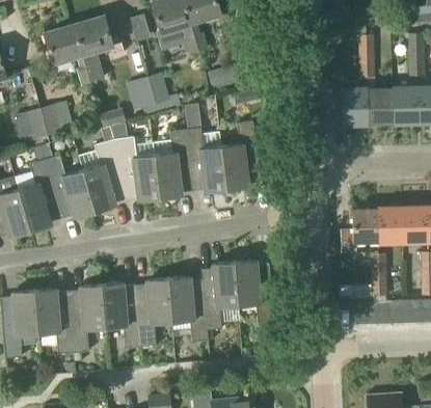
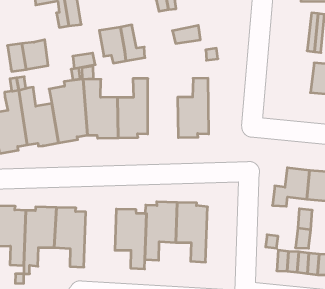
building: [342,89,368,124] -> none
building: [186,127,227,193] -> none
building: [135,277,172,346] -> none

